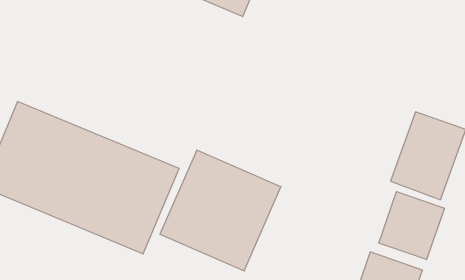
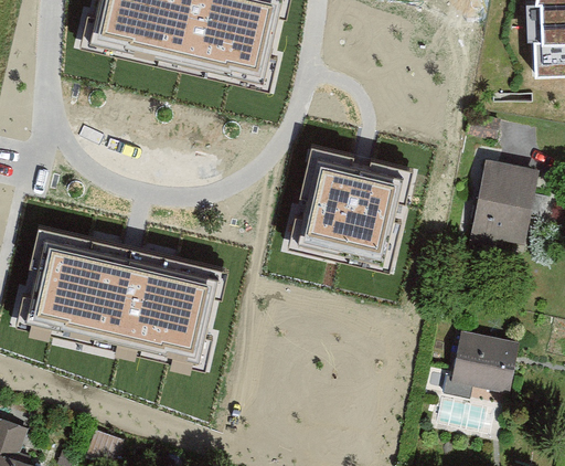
building: [160,150,281,271] -> [289,147,413,271]
building: [379,192,444,260] -> none

